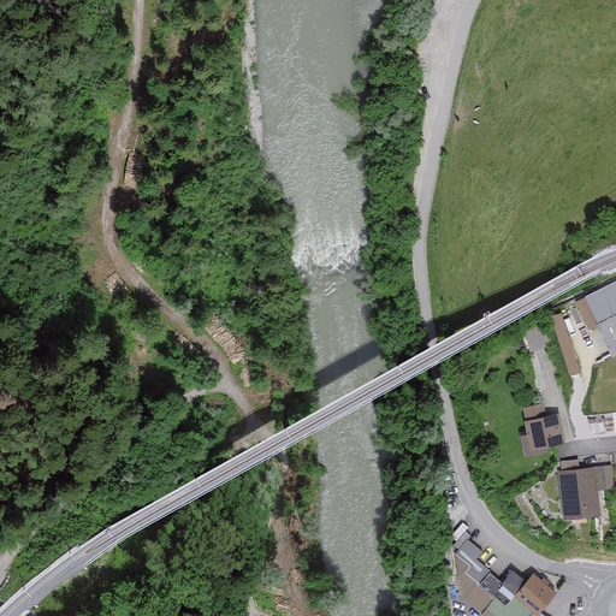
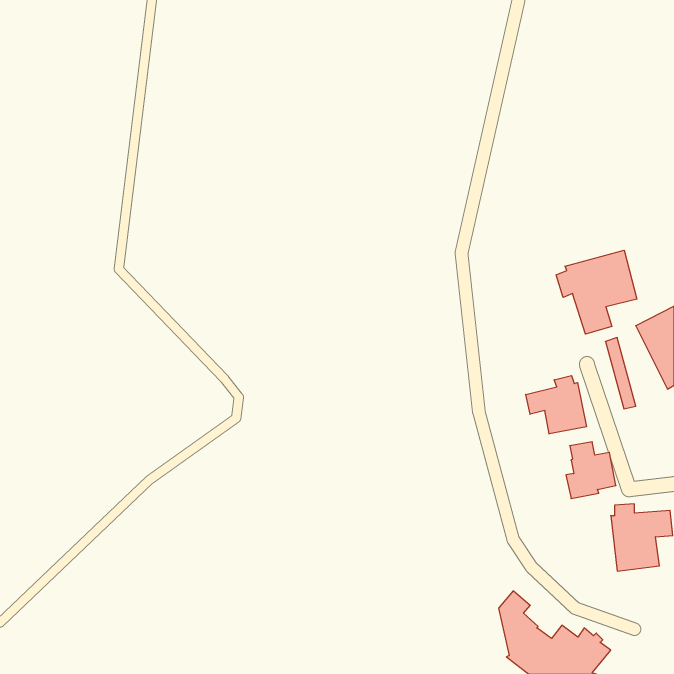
building: none -> [556,250,637,334]
building: none -> [526,376,586,434]

